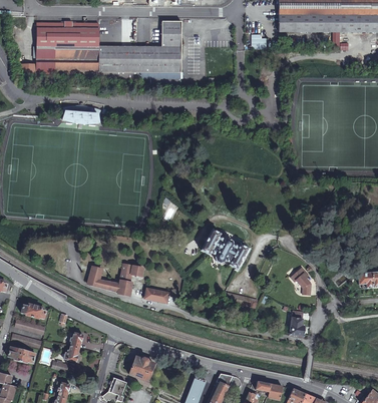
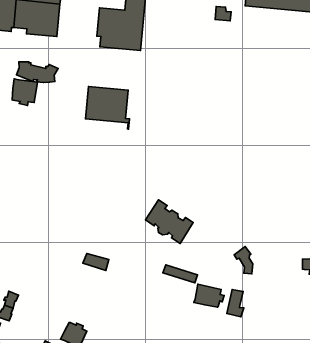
building: [98,46,141,84] -> [86,86,130,129]
building: none -> [12,79,37,105]
building: [87,264,143,295] -> none
building: none -> [194,284,224,307]

